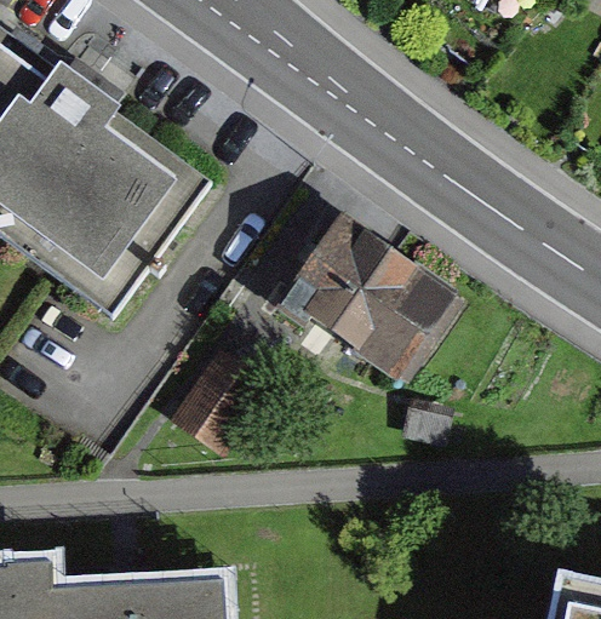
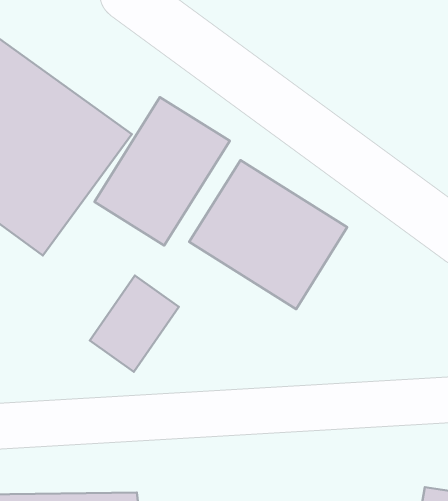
building: none -> [94,97,230,246]

